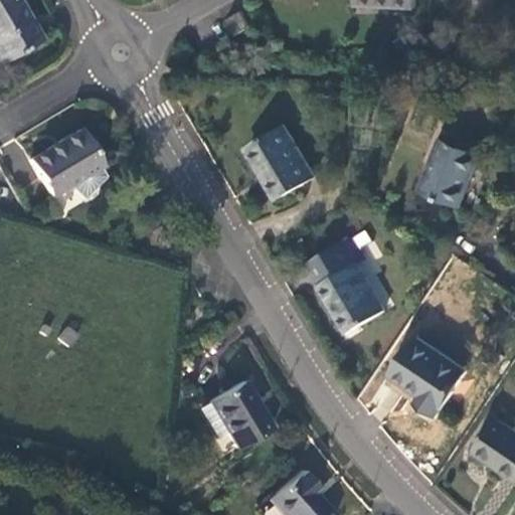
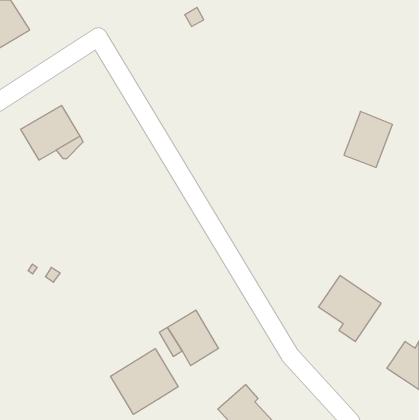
building: [247,127,314,200] -> none
building: [307,237,384,333] -> none
building: none -> [111,349,178,414]

